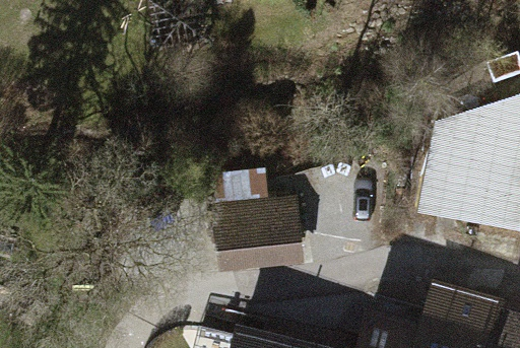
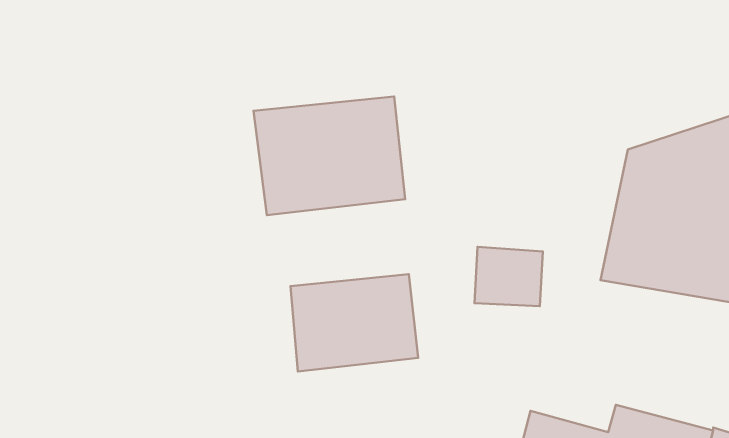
building: none -> [254,96,405,215]

